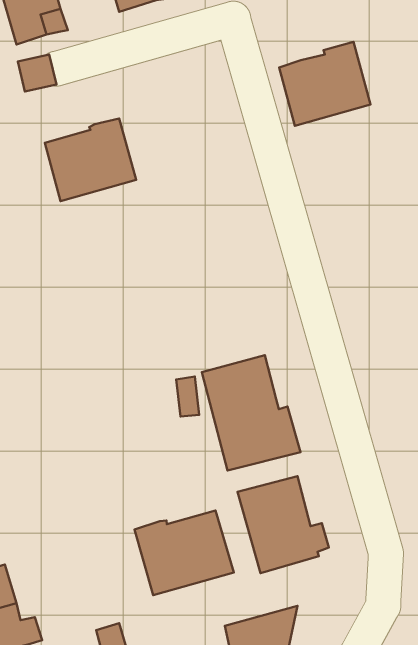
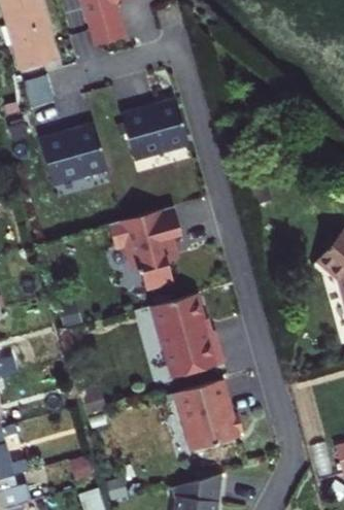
building: [279,42,371,126] -> [124,98,190,159]
building: none -> [108,207,182,291]
building: [135,510,234,595] -> none

